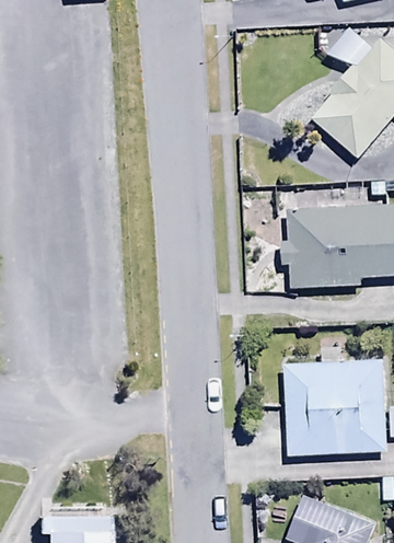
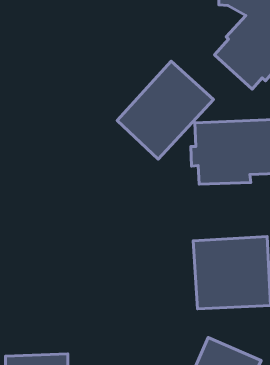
building: none -> [117,61,213,159]

